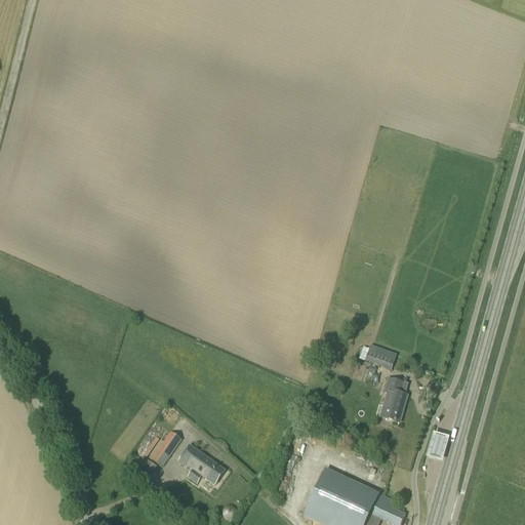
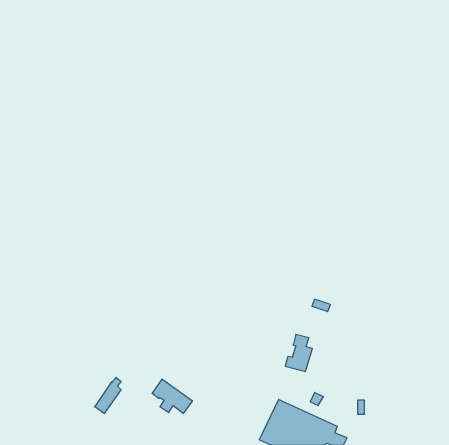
building: [375,377,407,420] -> [285,334,312,371]
building: [151,423,181,466] -> [95,377,121,413]

